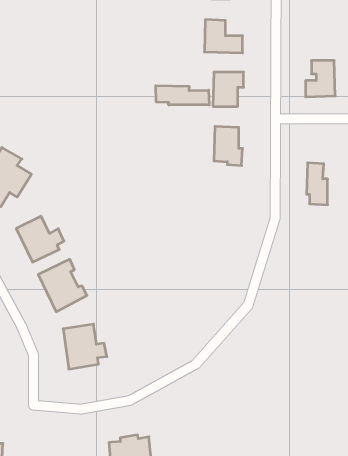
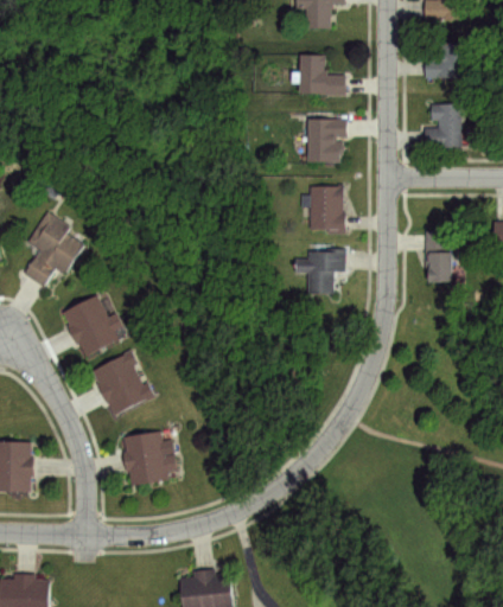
building: none -> [425,44,466,77]
building: [156,86,209,105] -> none
building: none -> [297,247,345,294]

